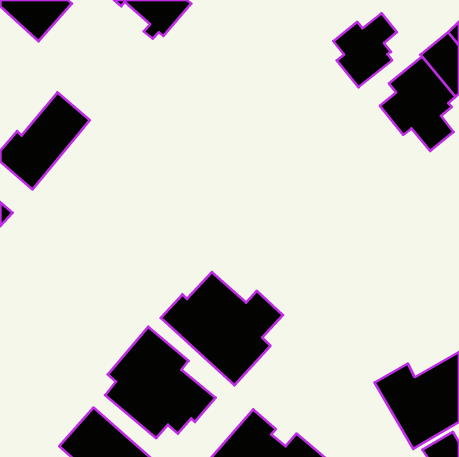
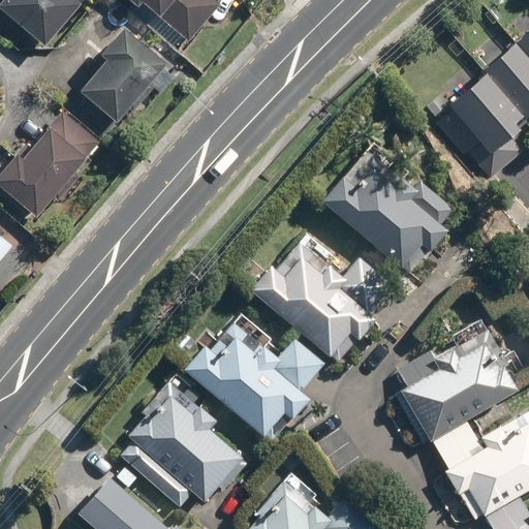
building: [333,13,397,87] -> none
building: none -> [81,29,169,124]
building: none -> [319,148,455,267]
building: none -> [249,235,392,364]
building: none -> [392,326,523,446]

